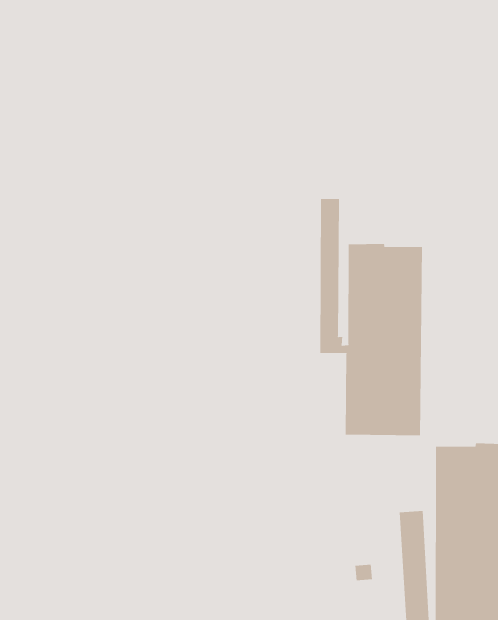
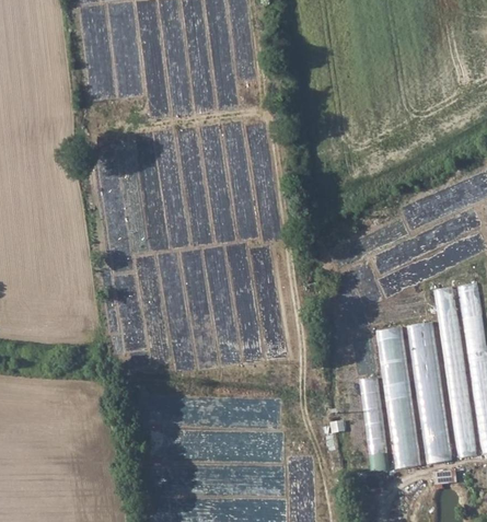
building: [320,198,422,436] -> none

